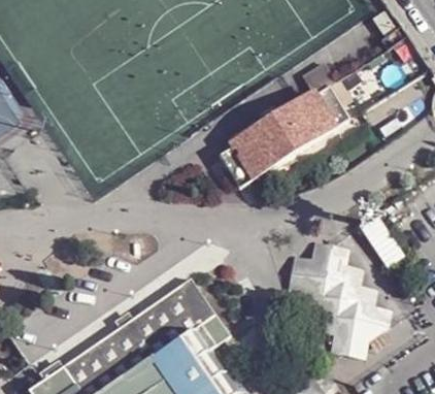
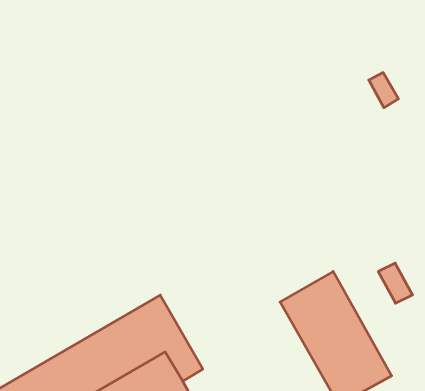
building: [213,86,344,188] -> none

